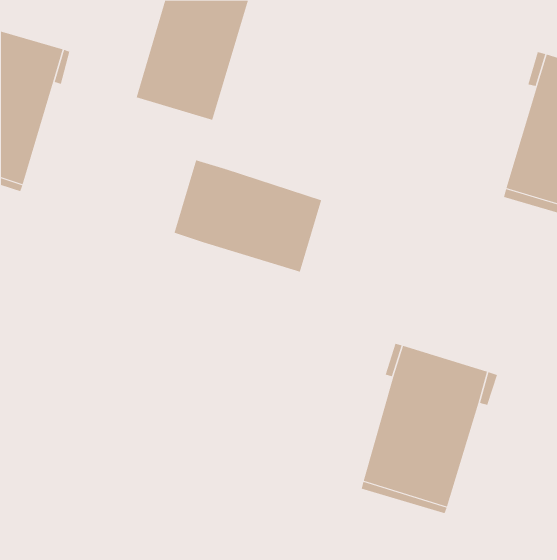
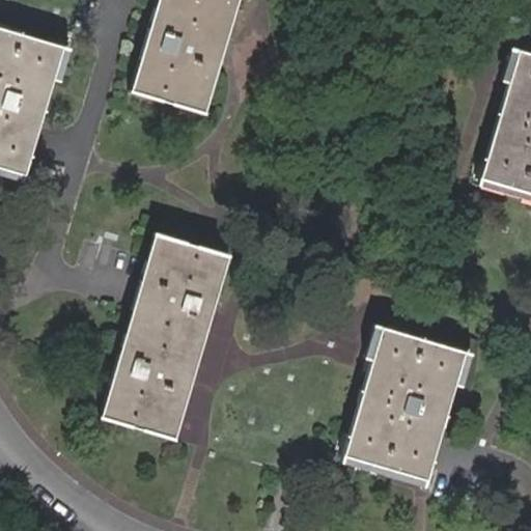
building: [174,160,322,273] -> none
building: none -> [103,234,230,441]

